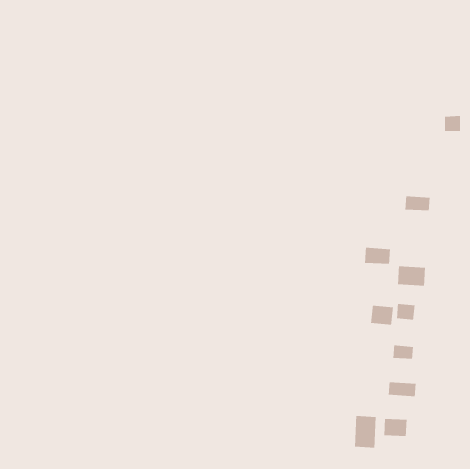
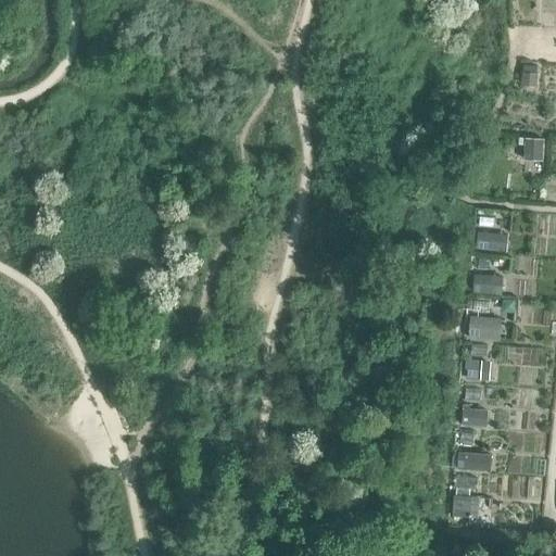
building: [364,247,391,264] -> [472,274,504,294]
building: [370,305,394,326] -> none
building: [354,415,376,448] -> none

